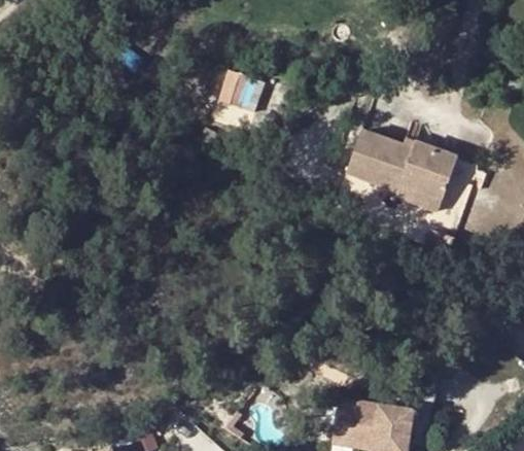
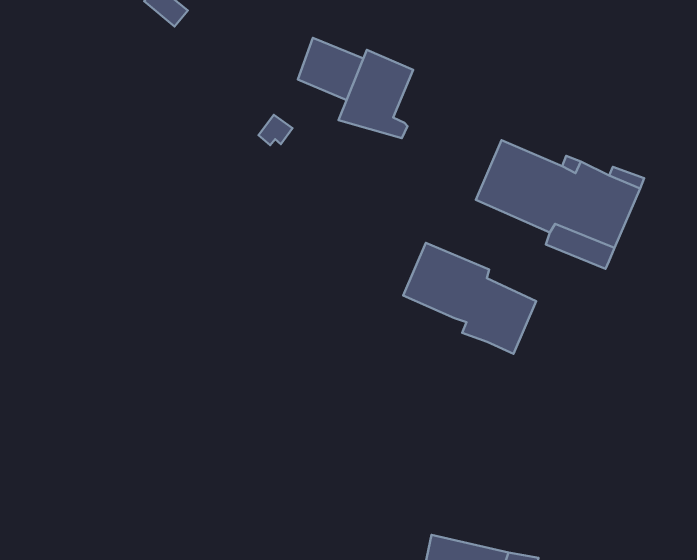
building: none -> [339,50,413,138]
building: none -> [403,243,536,354]

